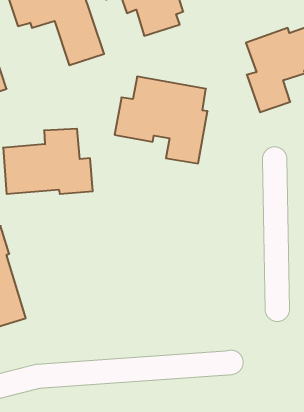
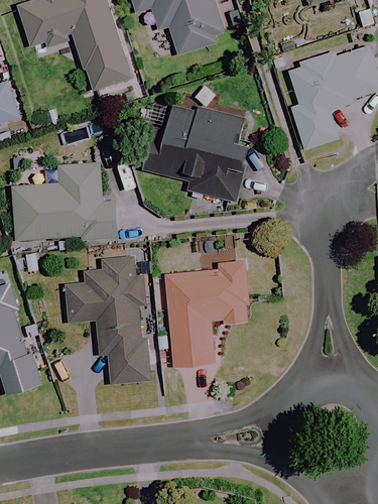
building: none -> [64,254,150,384]
building: none -> [164,259,248,366]

